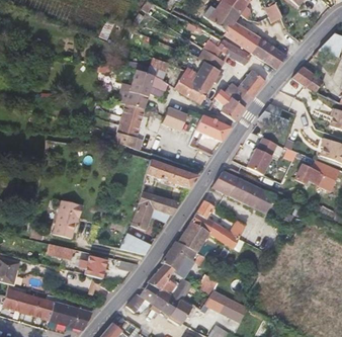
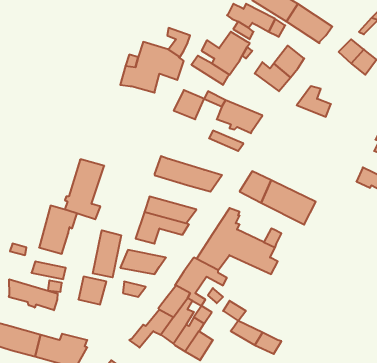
building: [215,89,245,120] -> none
building: [114,103,146,151] -> [65,160,104,219]
building: [248,138,277,175] -> none
building: none -> [93,230,121,277]
building: none -> [9,279,58,310]

